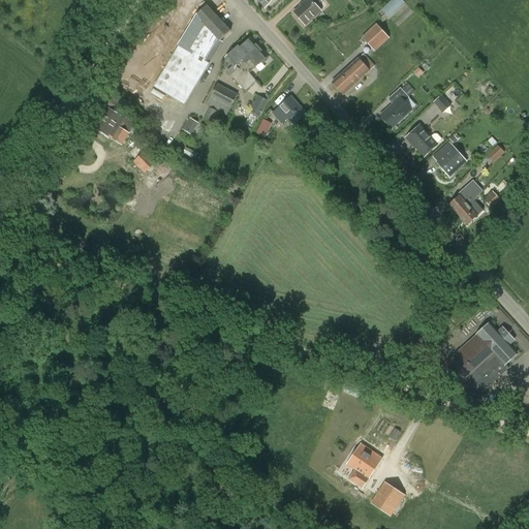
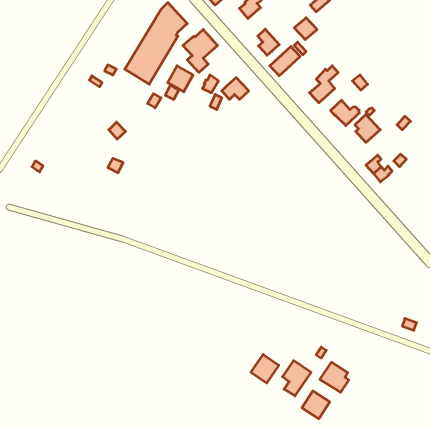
building: none -> [258,29,279,55]
building: [94,106,129,144] -> none
building: [442,322,516,390] -> none
building: none -> [251,354,279,383]
building: none -> [320,362,349,392]

